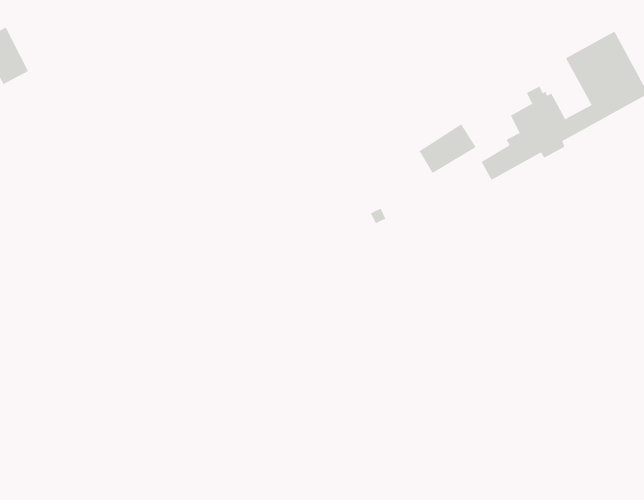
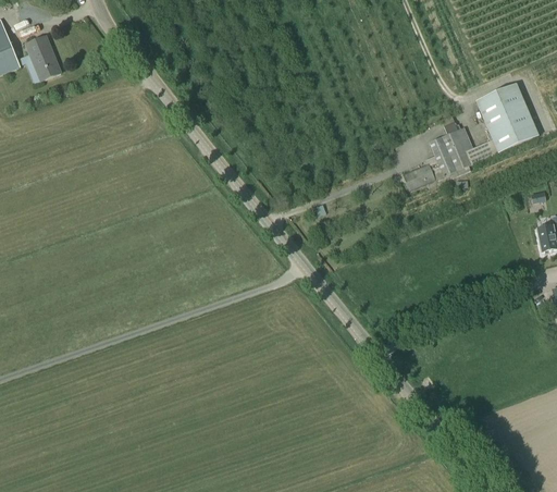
building: [419,124,476,174] -> none

